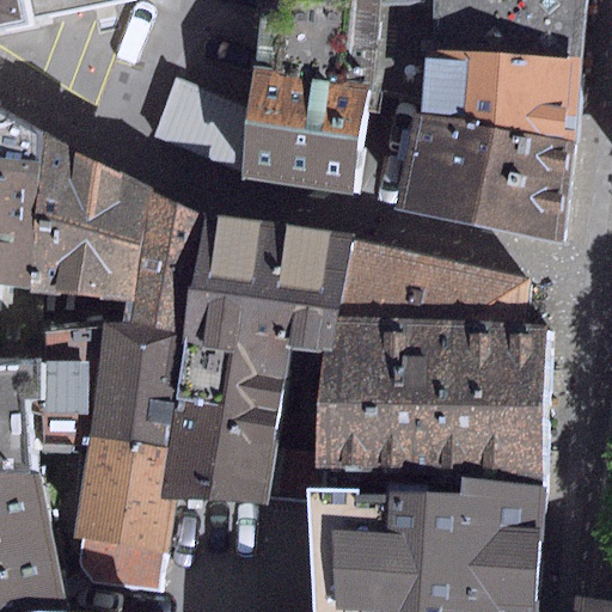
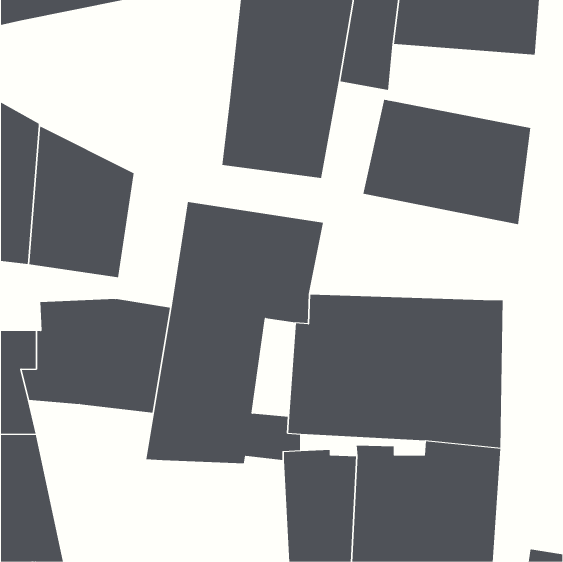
building: [422,48,581,139] -> none
building: [155,76,249,170] -> none
building: [126,188,203,333] -> none
building: [336,241,530,325] -> none
building: [71,439,176,590] -> none

